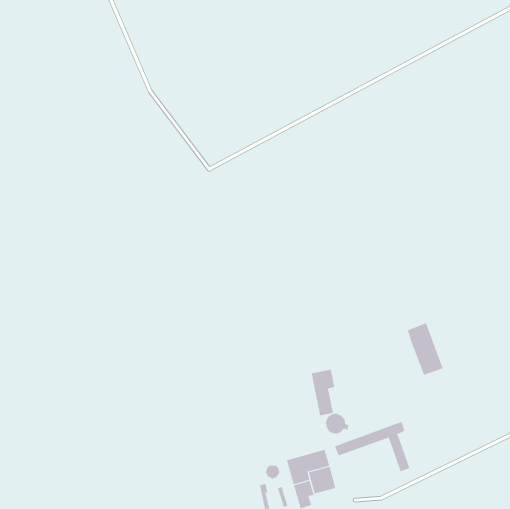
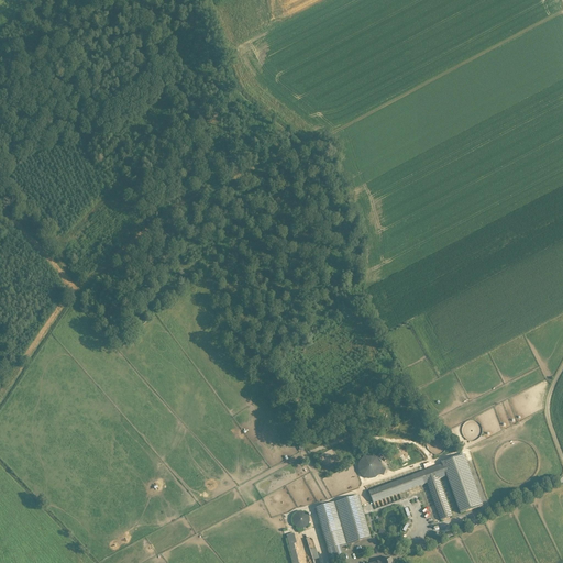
building: [407,322,444,375] -> [441,453,482,511]
building: [311,369,335,416] -> none

